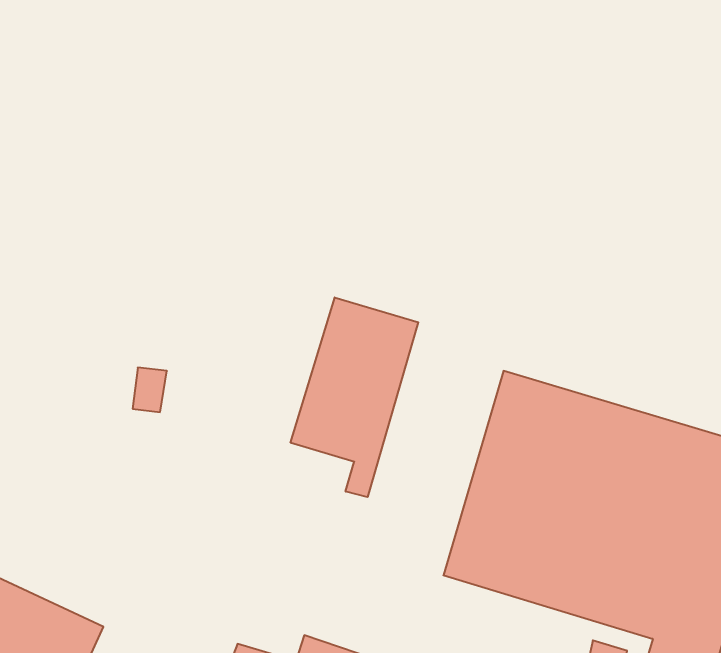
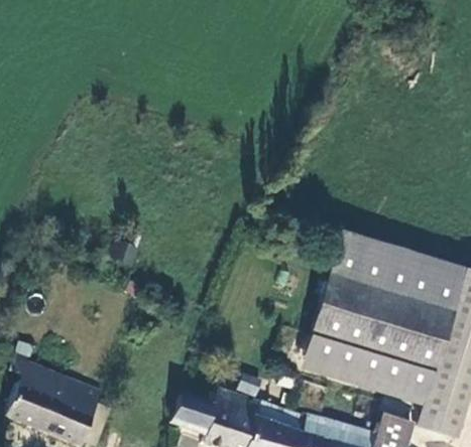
building: [291,297,418,497] -> none

